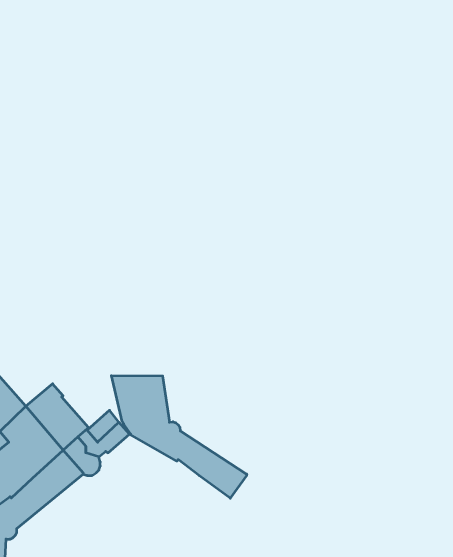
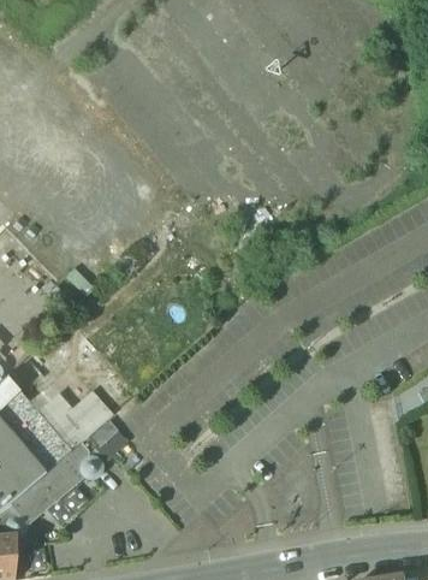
building: [111,376,247,498] -> none
building: none -> [70,391,111,431]

